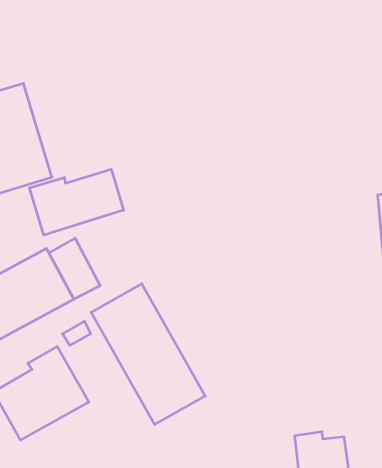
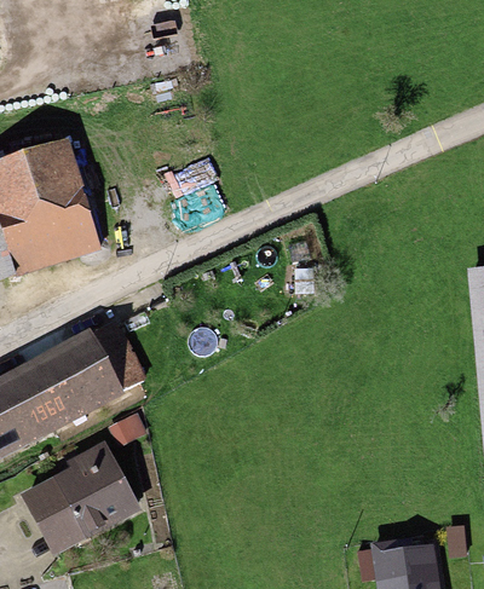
building: [30,169,124,235] -> none
building: [91,284,205,425] -> none

